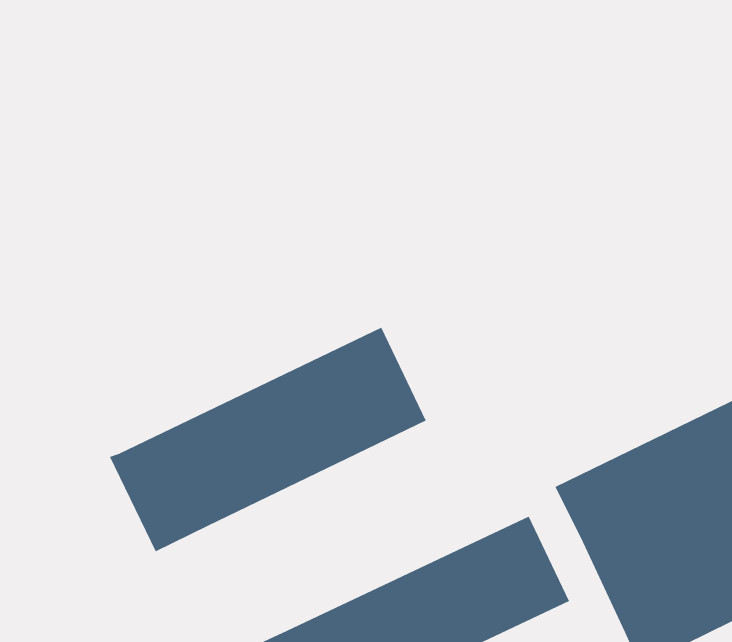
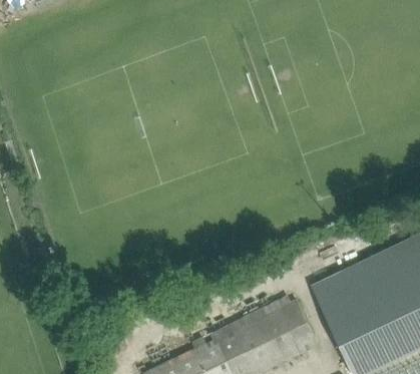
building: [109,327,426,552] -> none

